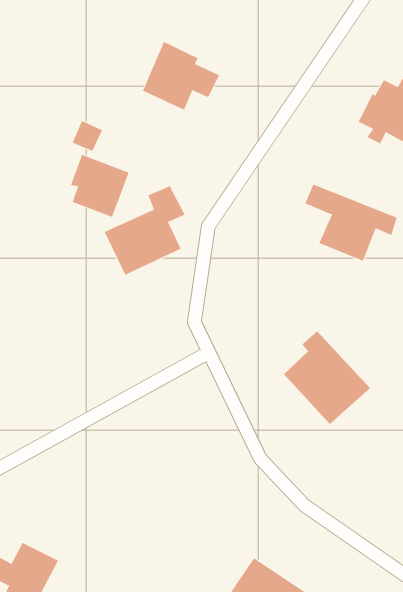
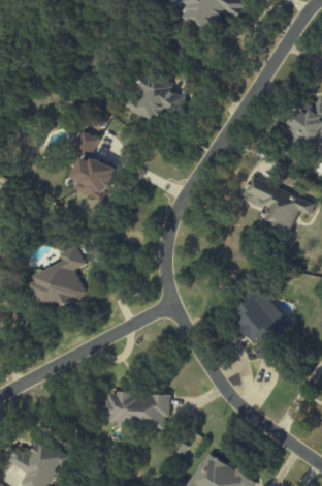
building: [104,185,186,276] -> [28,245,88,311]
building: none -> [107,392,168,426]

